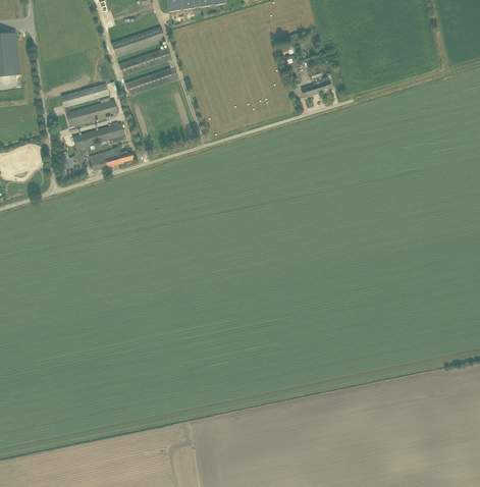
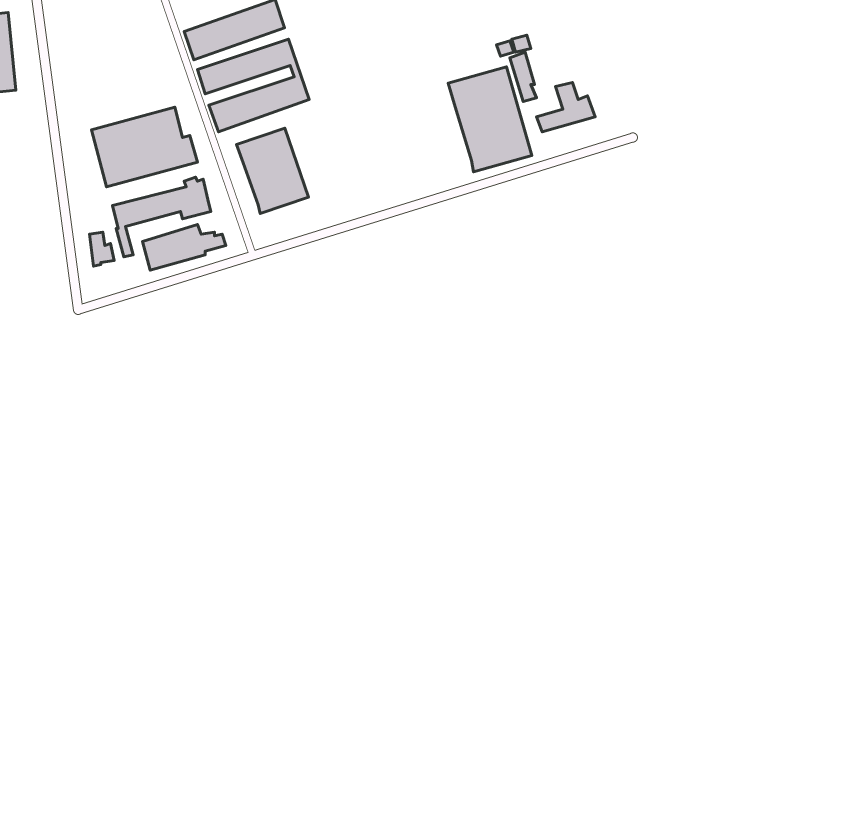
building: none -> [448,67,532,172]
building: none -> [237,128,309,213]

